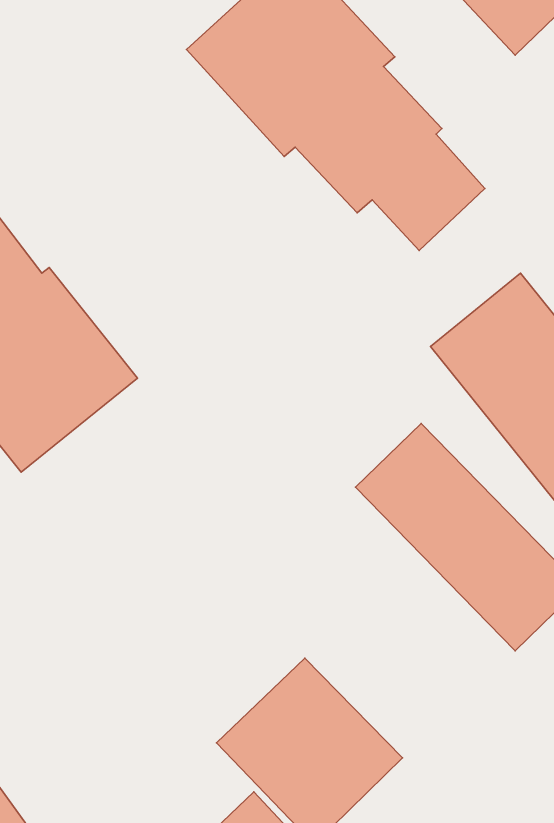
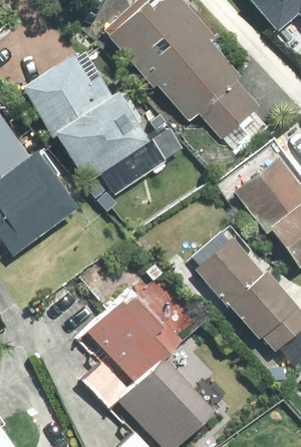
building: none -> [22,56,170,194]
building: none -> [97,283,179,395]

